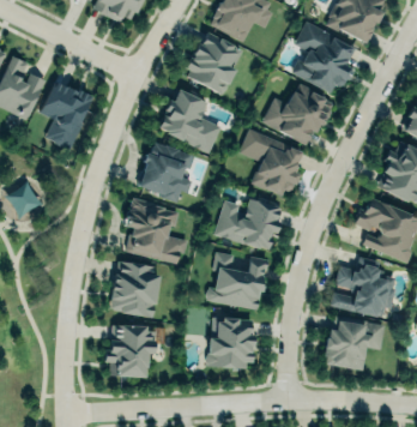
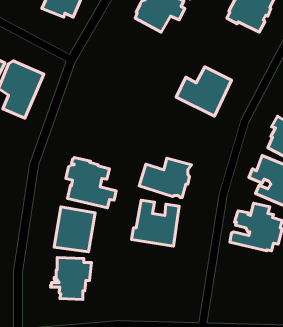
building: [291,17,357,95] -> none
building: [185,32,244,96] -> none
building: [161,89,223,152] -> none
building: [249,131,303,196] -> none
building: [139,142,193,203] -> none
building: [325,315,386,371] -> none
building: [206,318,254,369] -> none

